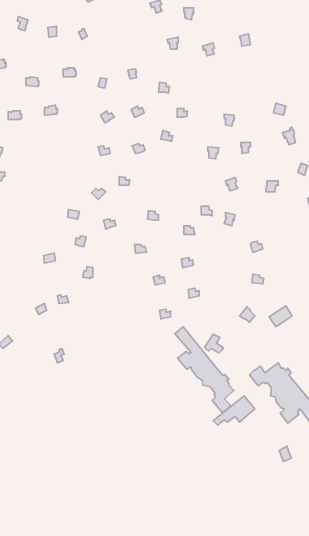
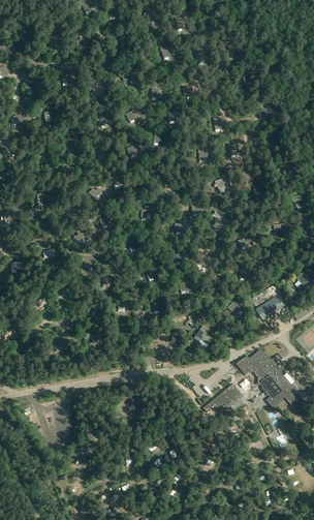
building: [175,327,234,412] -> none

